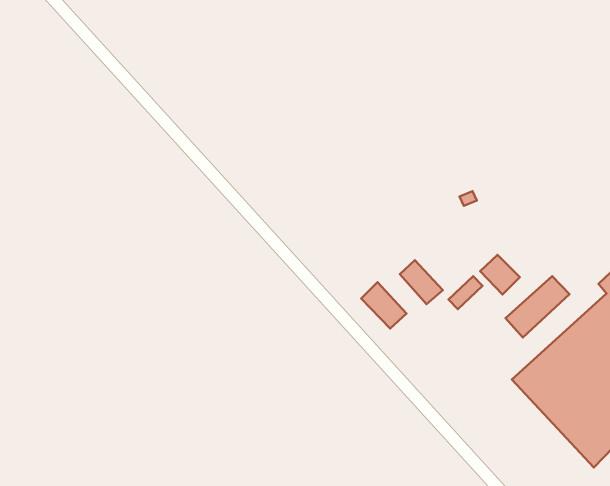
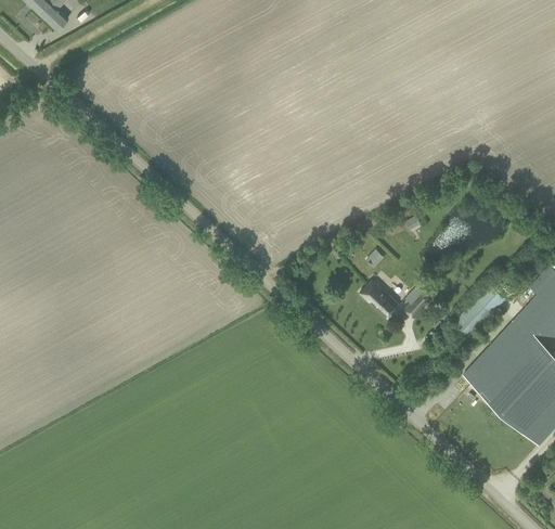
building: [480,255,520,295] -> none
building: [361,282,406,328] -> none

